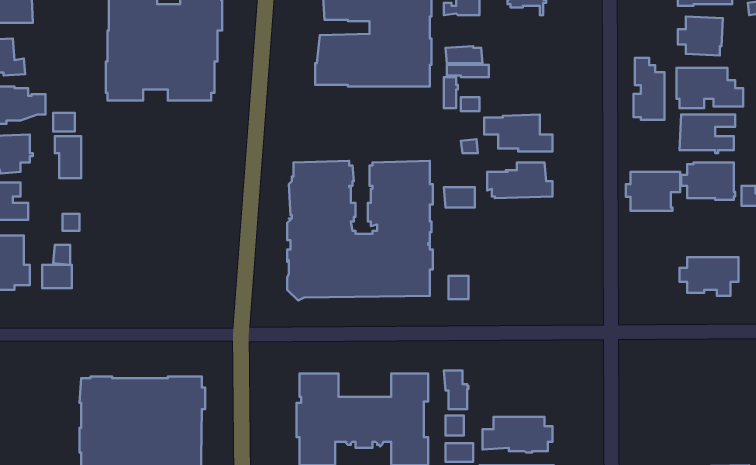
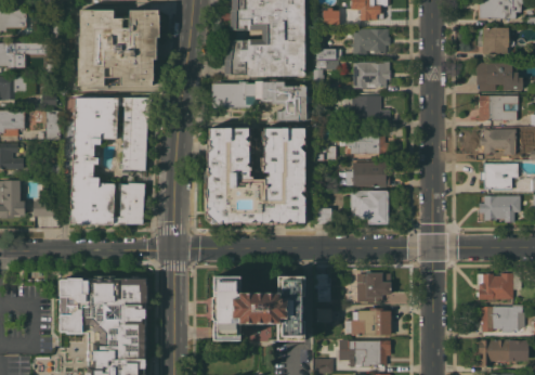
building: none -> [353,28,390,54]
building: [634,58,665,120] -> none
building: none -> [351,62,390,88]
building: none -> [212,81,311,124]
building: none -> [70,98,152,224]
building: [626,172,680,211] -> [480,163,518,190]
building: none -> [344,163,390,186]
building: none -> [350,191,388,224]
building: none -> [477,272,521,299]
building: none -> [357,273,391,302]
building: none -> [478,305,523,332]

